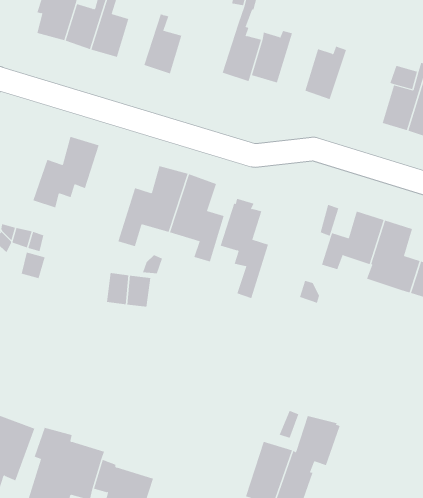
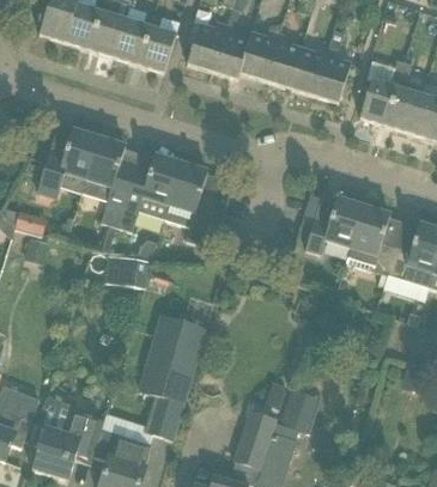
building: none -> [115,7,154,62]
building: none -> [187,20,226,69]
building: none -> [312,30,351,102]
building: none -> [263,32,301,86]
building: [220,198,269,299] -> [85,133,131,226]
building: none -> [136,317,204,440]

